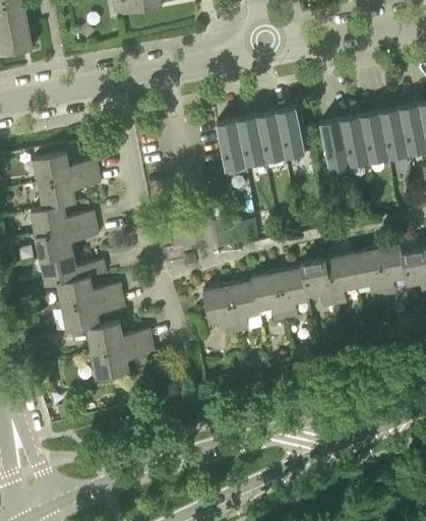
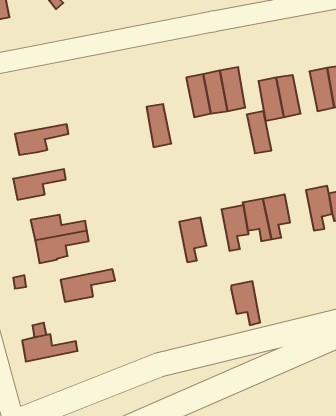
building: [360,112,388,161] -> [247,111,271,153]
building: [218,119,246,169] -> [147,104,171,147]
building: [34,153,99,184] -> none
building: [32,206,96,236] -> none
building: [351,249,384,298] -> none
building: [42,254,105,286] -> none
building: [253,272,287,323] -> [231,281,260,325]
building: [203,286,238,336] -> none
building: [87,322,151,353] -> [22,334,78,362]

